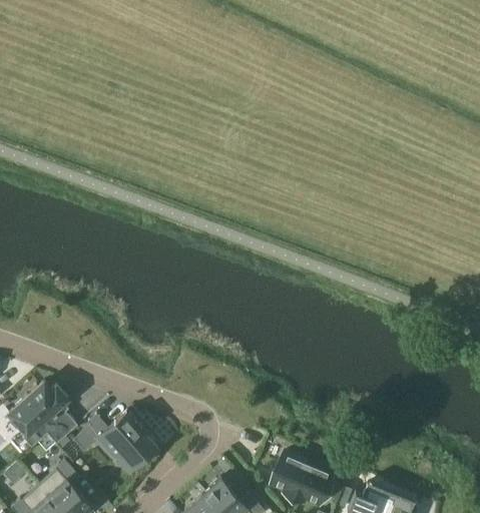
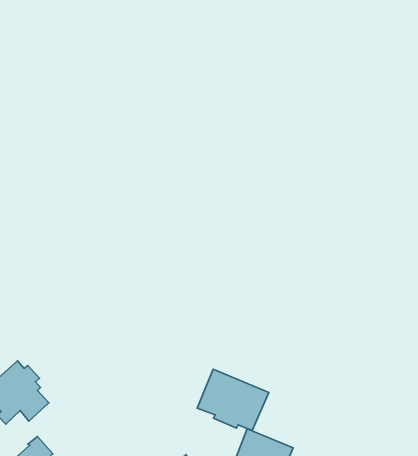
building: none -> [197,369,269,431]
building: [73,411,157,467] -> none

